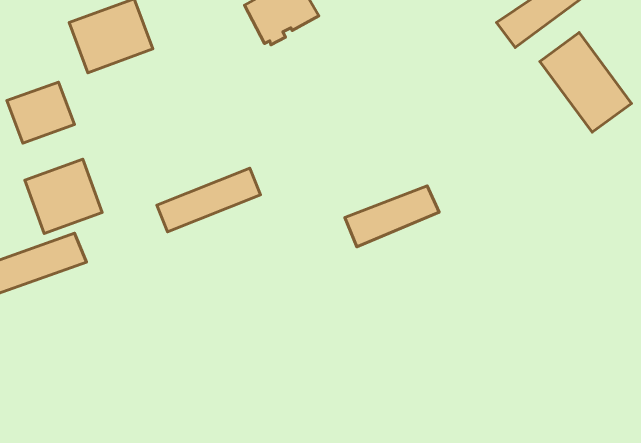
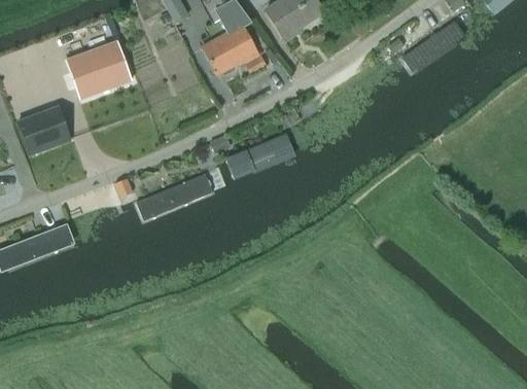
building: [540,33,632,132] -> none
building: [25,159,102,233] -> none
building: [345,186,439,247] -> [225,134,298,181]

